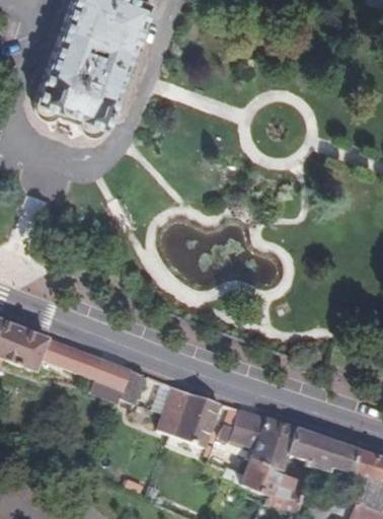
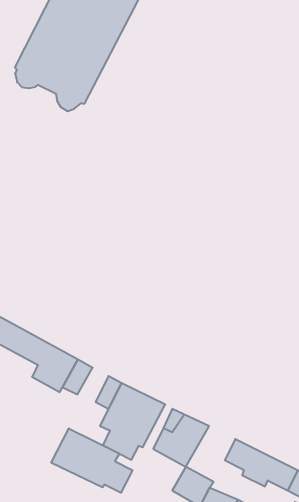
building: [251,419,295,471] -> none
building: none -> [51,428,132,493]

